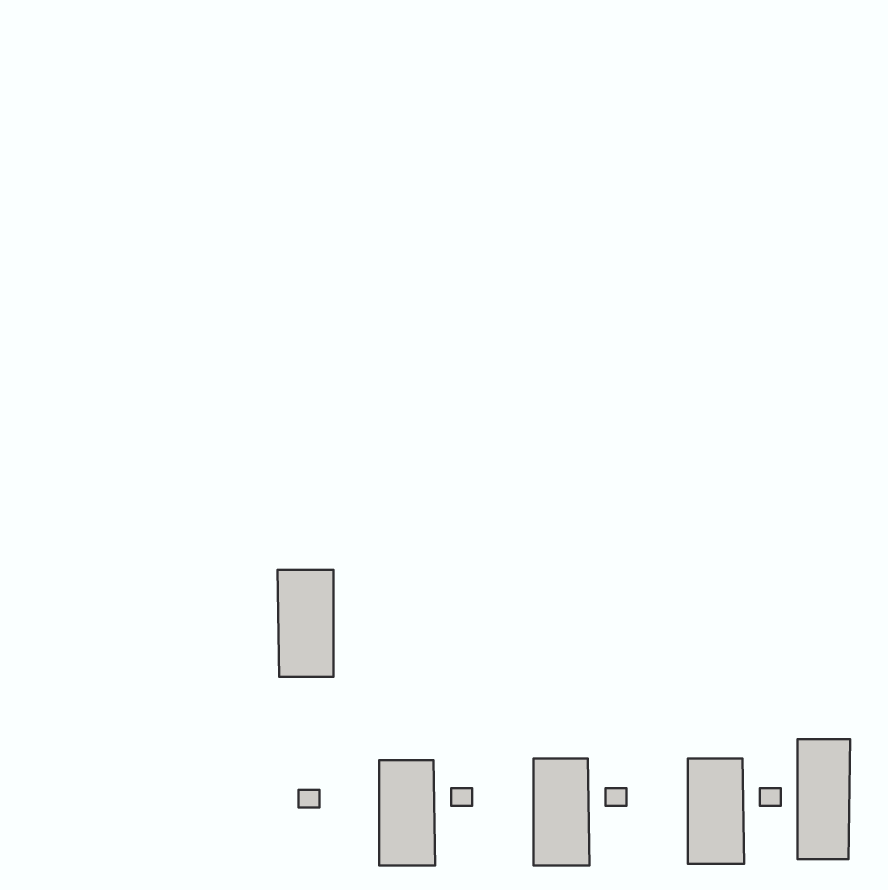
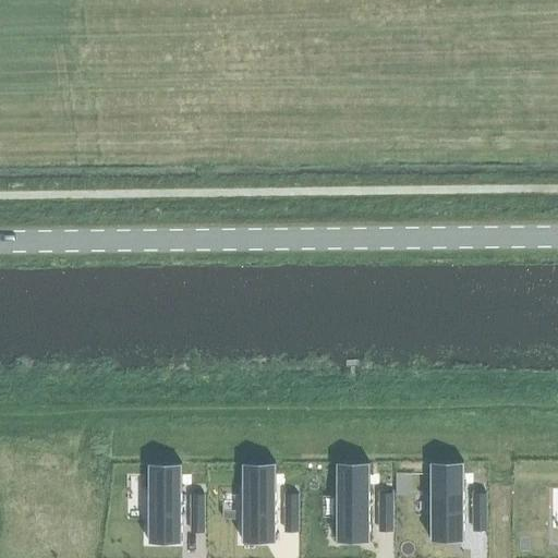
building: [277,570,334,677] -> [143,472,178,538]
building: [798,739,850,859] -> none

